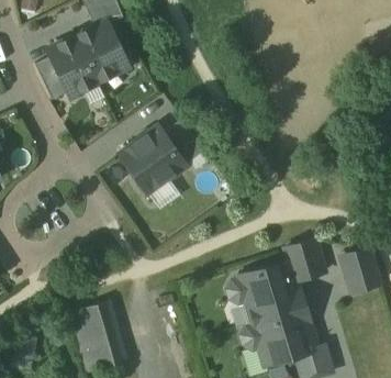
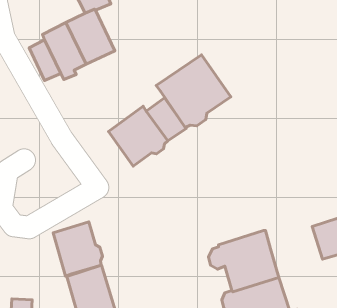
building: none -> [156,55,231,127]
building: [283,240,324,281] -> none
building: none -> [53,222,103,276]

